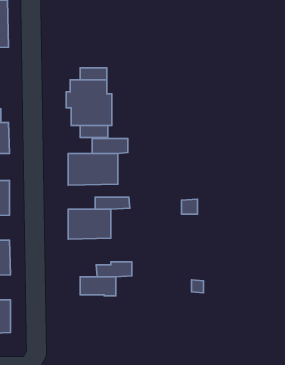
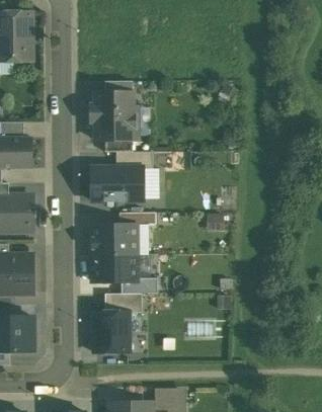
building: none -> [93,254,137,281]
building: none -> [93,312,131,352]

